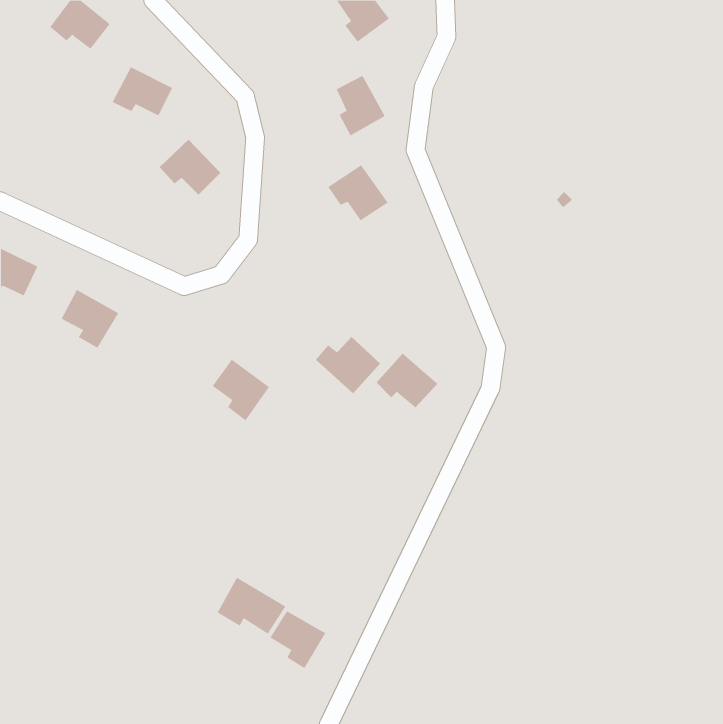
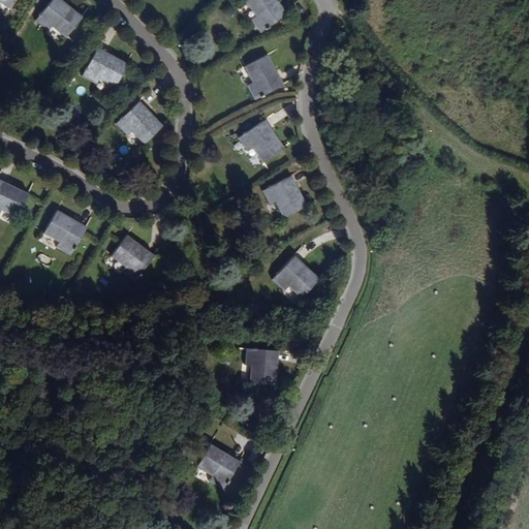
building: none -> [264,176,307,217]
building: [315,336,381,394] -> none
building: [212,359,270,421] -> [113,236,155,281]
building: none -> [246,348,277,384]
building: [217,577,286,634] -> none

